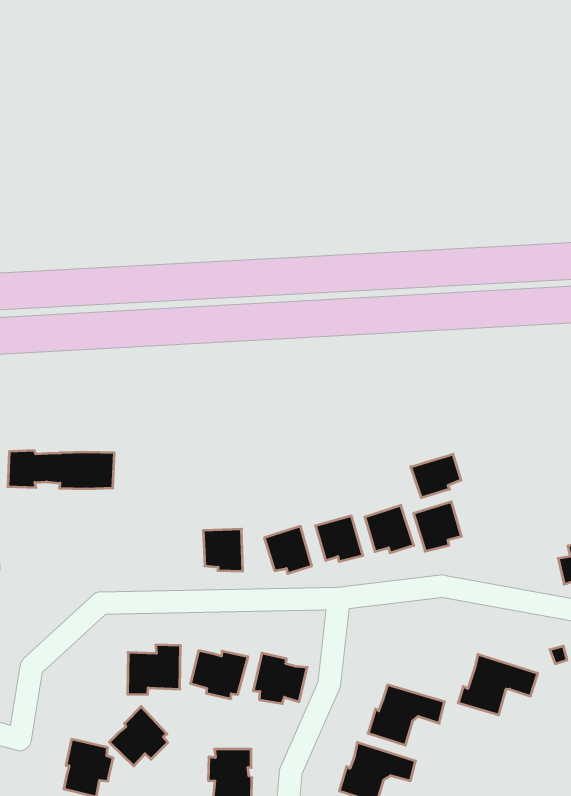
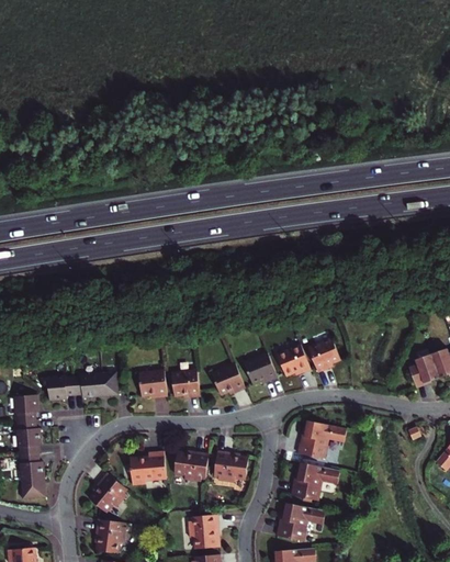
building: [8,451,114,489] -> [48,371,119,400]
building: [411,454,461,498] -> none
building: none -> [139,370,167,398]
building: [458,654,538,715] -> [299,420,349,459]
building: [109,706,168,766] -> [88,472,126,512]

